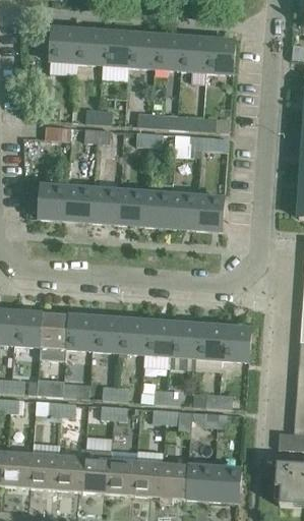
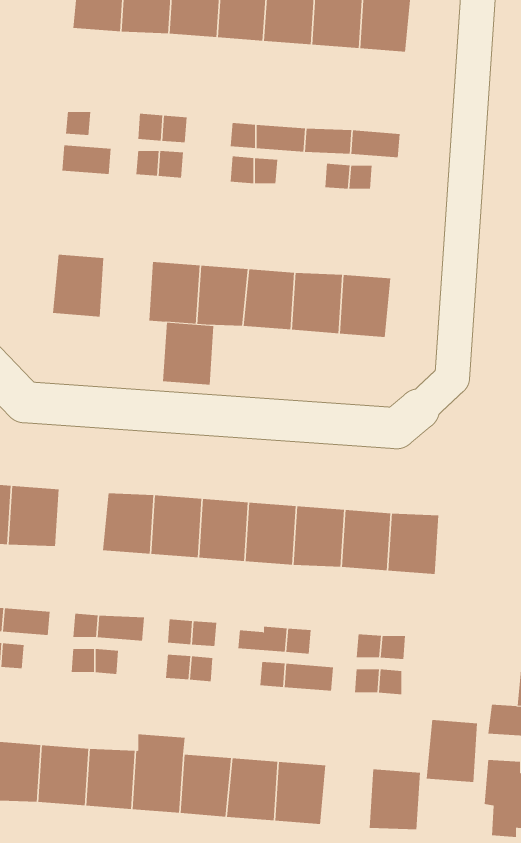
building: [64,187,93,222] -> [162,322,214,385]
building: [39,314,68,360] -> none
building: [185,466,214,501] -> [426,719,478,782]

